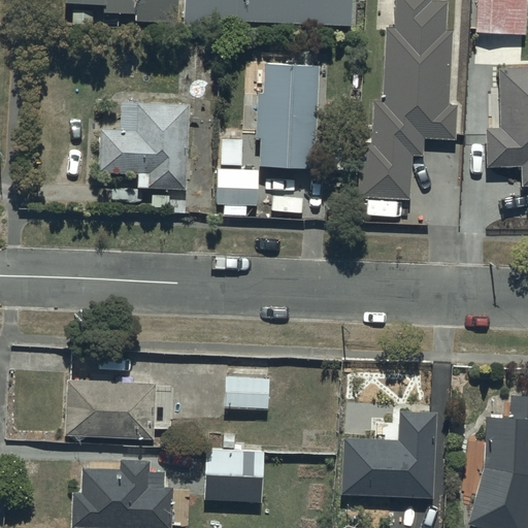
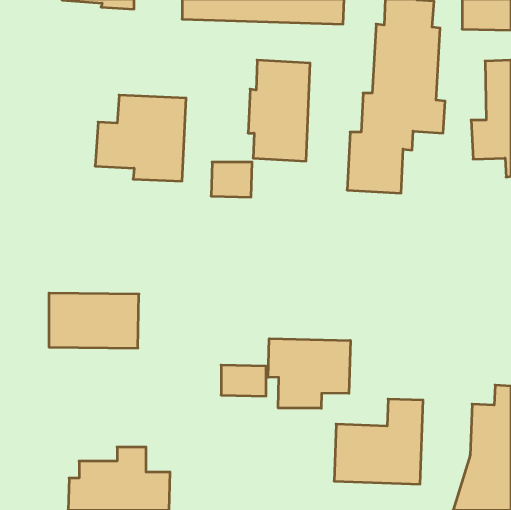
building: none -> [268,339,350,408]
building: [65,385,158,441] -> [49,293,139,348]
building: [208,449,269,502] -> none

